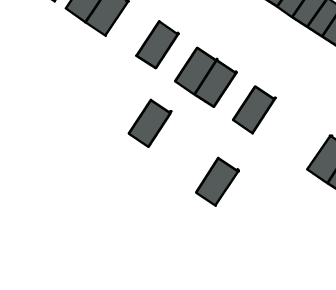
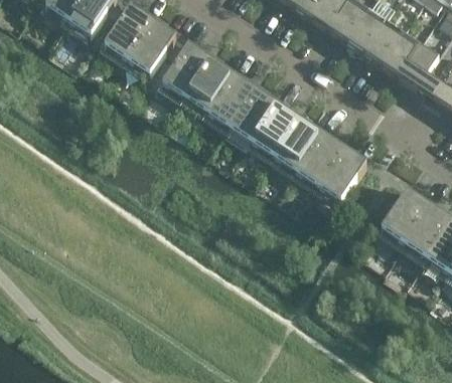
building: none -> [160,43,209,98]
building: none -> [272,118,320,171]
building: [129,100,171,147] -> [205,73,254,127]
building: [196,158,239,206] -> [316,147,364,201]

